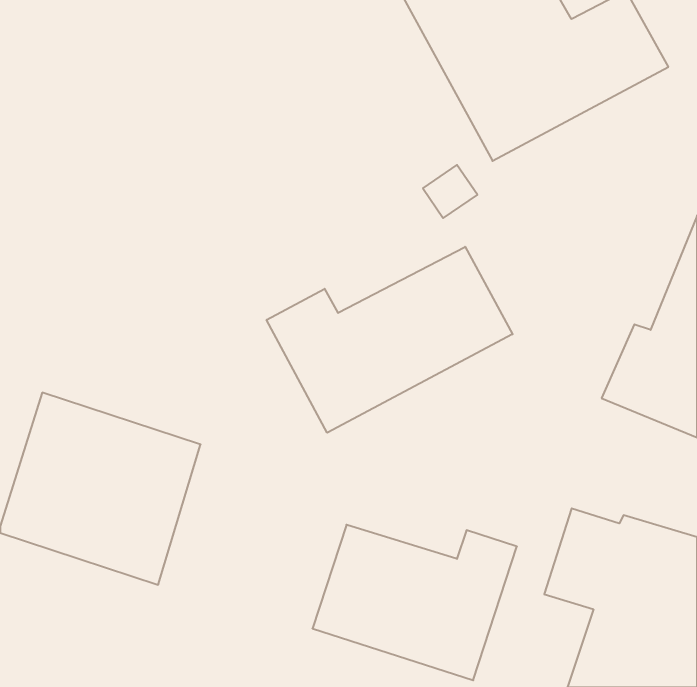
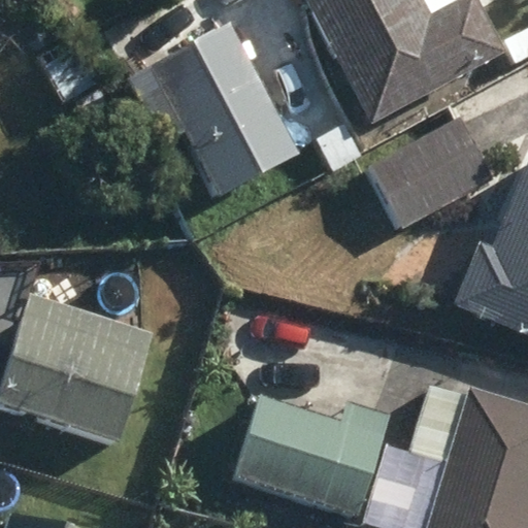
building: none -> [128,25,302,198]
building: none -> [370,116,494,226]
building: [267,247,513,433] -> none

